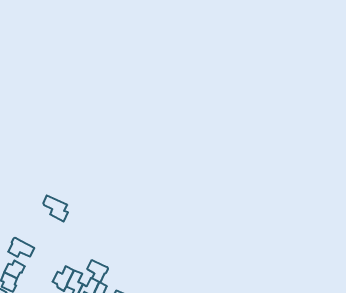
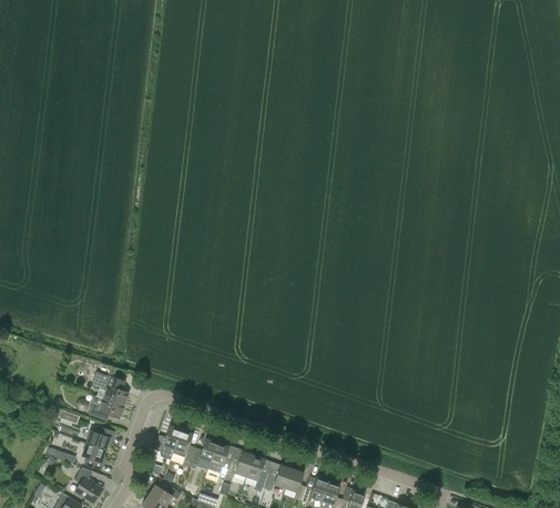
building: [43,195,68,222] -> [92,373,128,406]
building: [87,260,108,282] -> none

